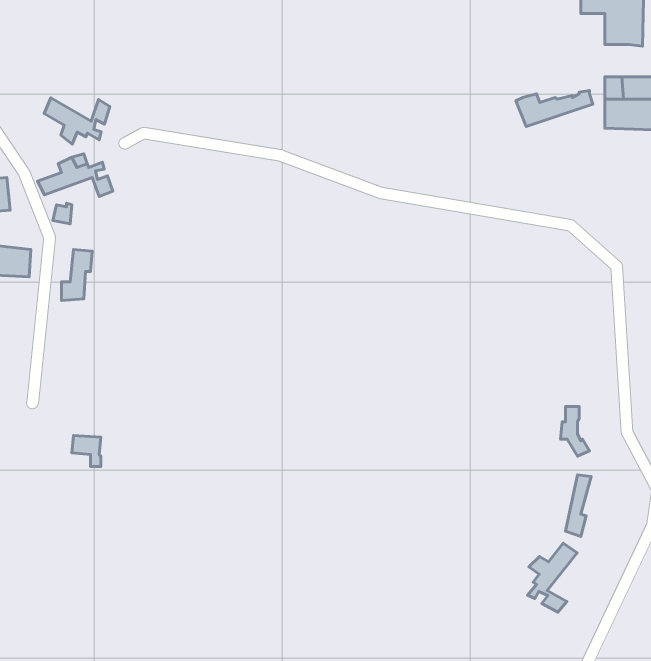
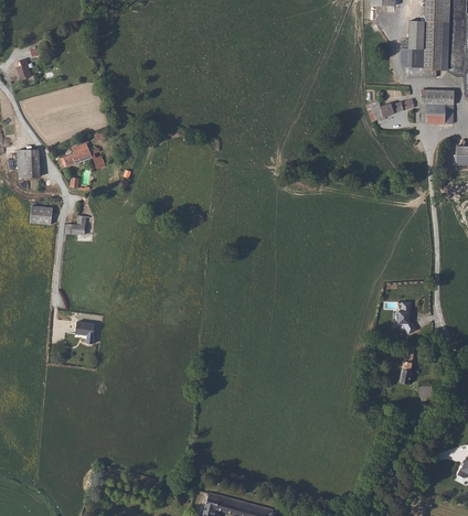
building: [44,98,110,144] -> none
building: [528,543,577,612] -> none

